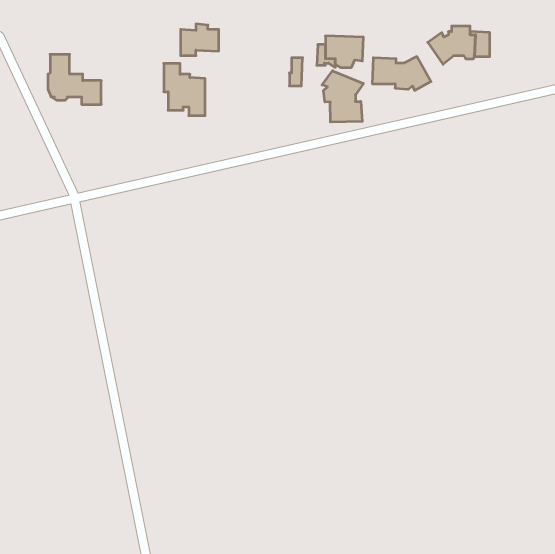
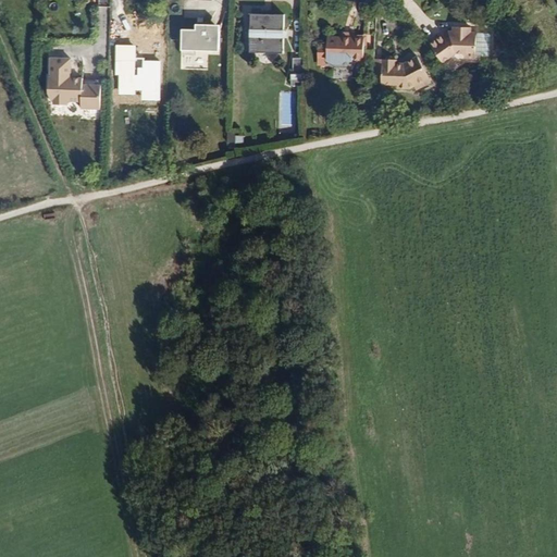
building: none -> [248,12,283,53]
building: [164,63,205,116] -> [115,45,157,97]
building: [322,71,363,122] -> none

